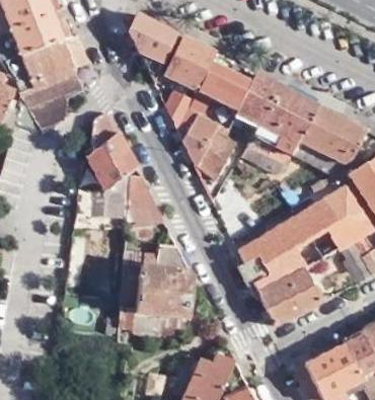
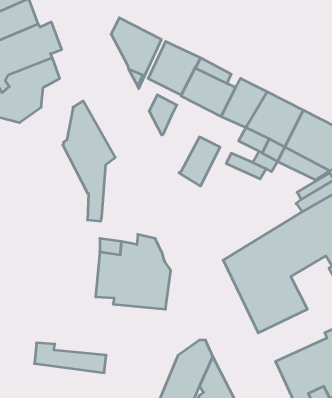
building: [185,119,225,176] -> none
building: [125,161,164,220] -> none
building: [117,299,188,328] -> [34,343,106,373]

